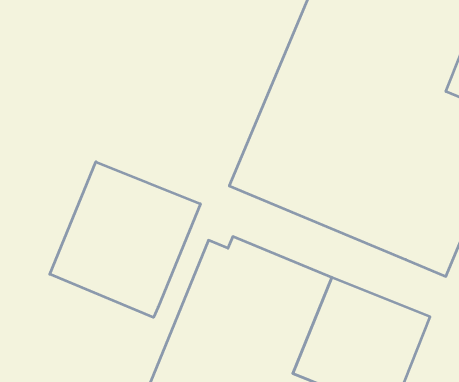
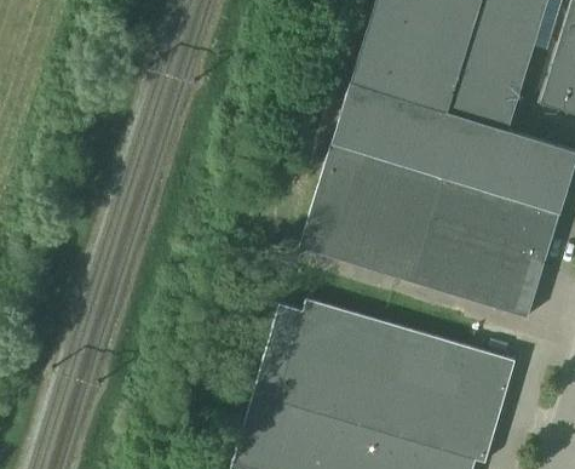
building: [50,162,200,317] -> none

